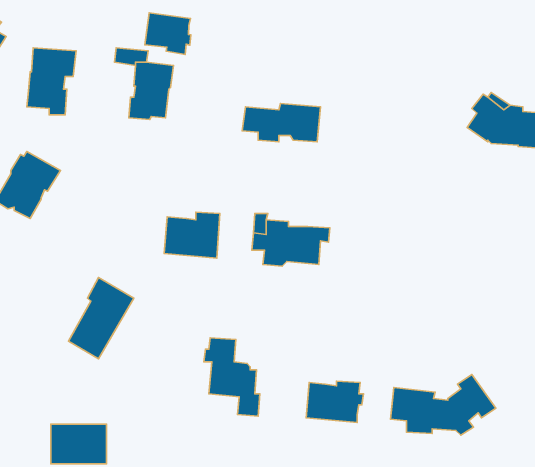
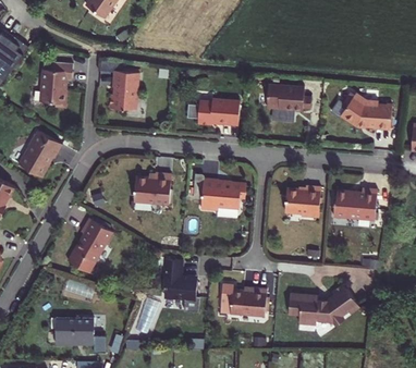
building: [145,13,191,54] -> none
building: none -> [266,84,310,111]
building: none -> [284,186,320,217]
building: none -> [333,188,377,219]

